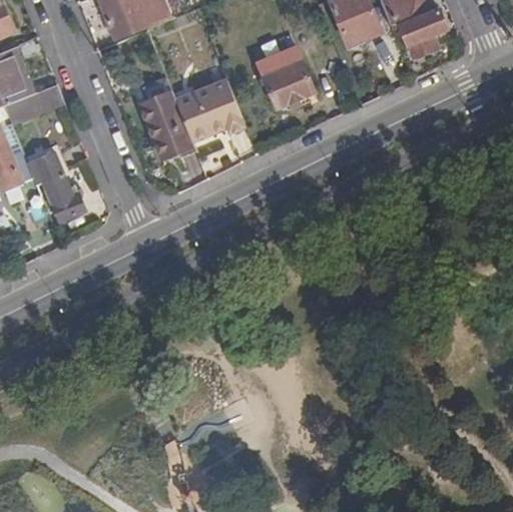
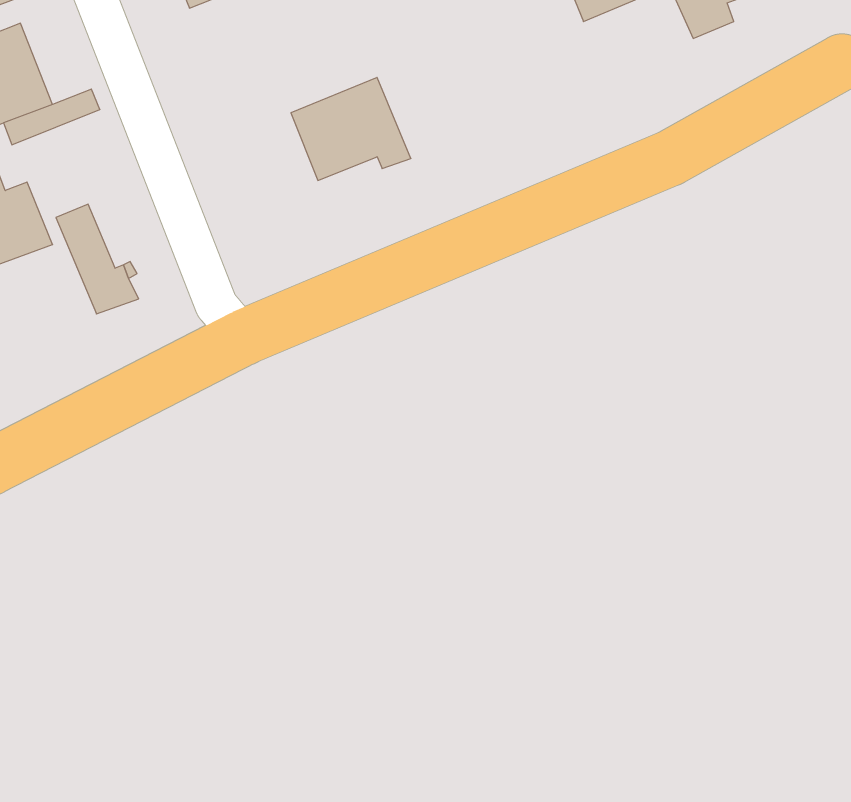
building: [258,47,314,109] -> none
building: [140,79,193,158] -> none

